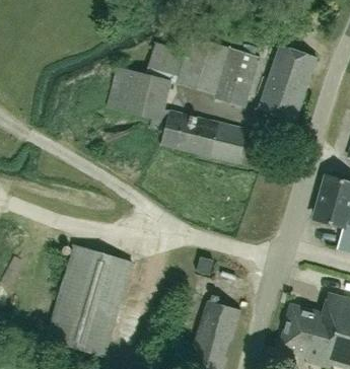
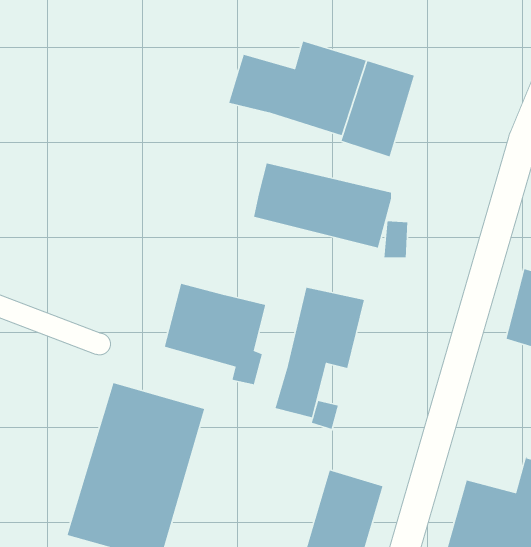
building: [259,46,316,120] -> none
building: [108,67,170,130] -> [164,283,266,385]
building: none -> [274,287,365,418]

